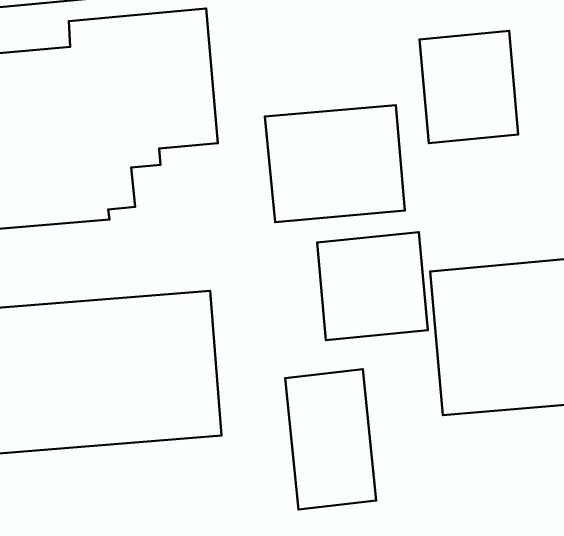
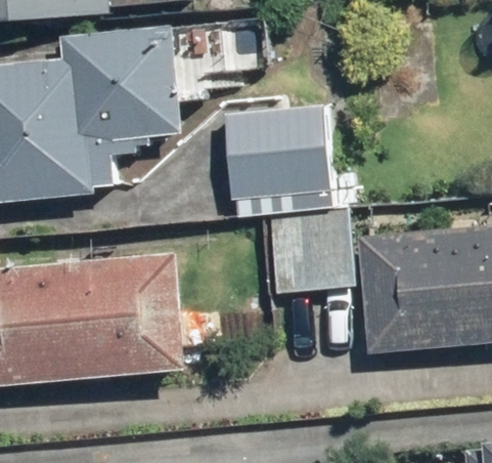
building: [420,31,518,143] -> none
building: [285,369,376,509] -> none

